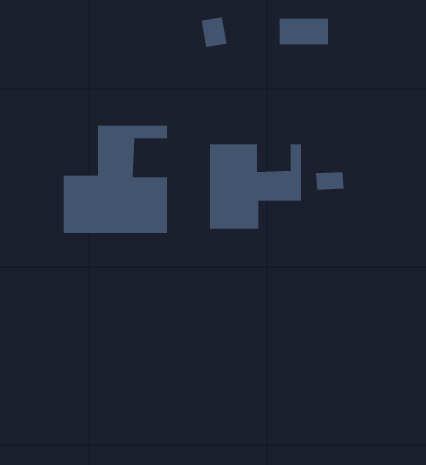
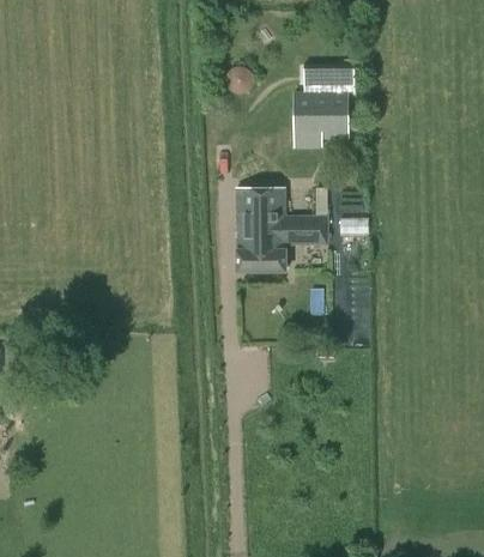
building: none -> [294,91,349,138]
building: [63,125,168,234] -> none

